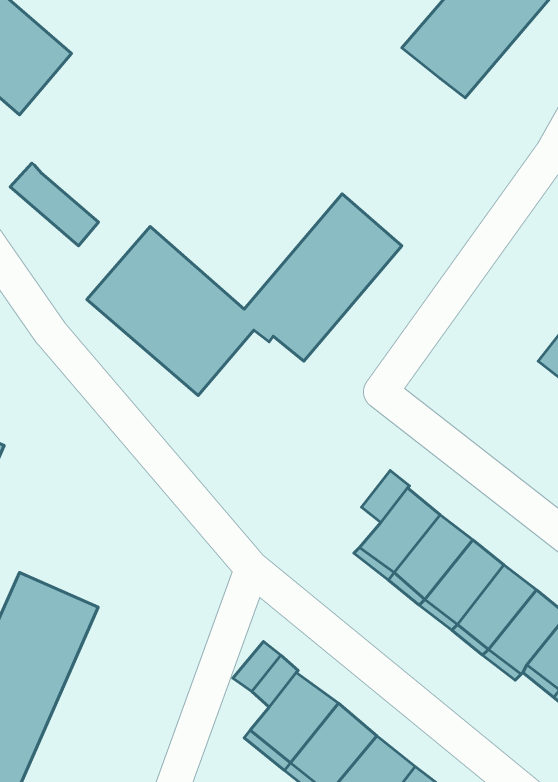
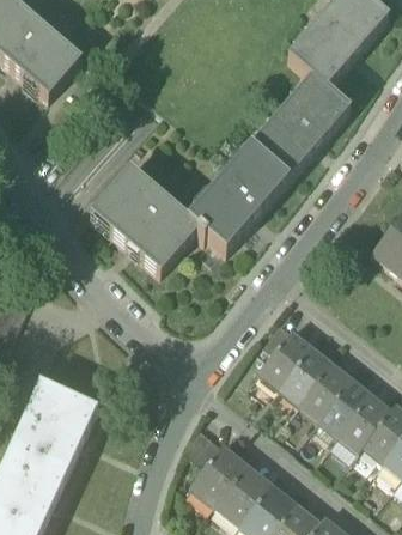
building: none -> [249,74,348,178]
building: [10,163,99,246] -> none

